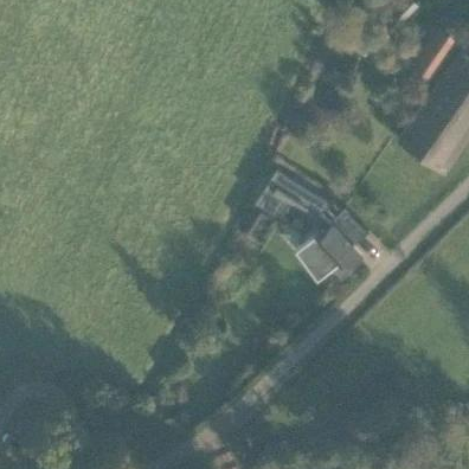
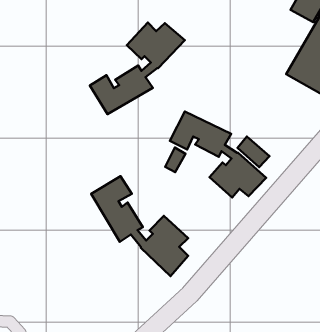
building: none -> [90,23,185,114]
building: none -> [91,176,188,276]

